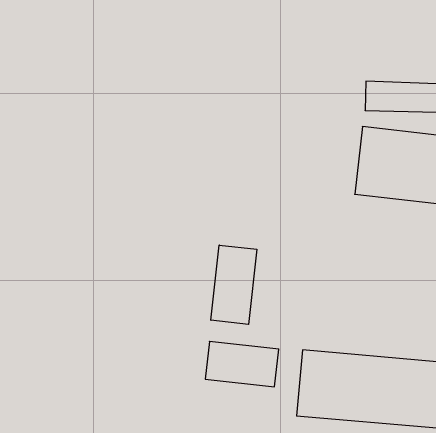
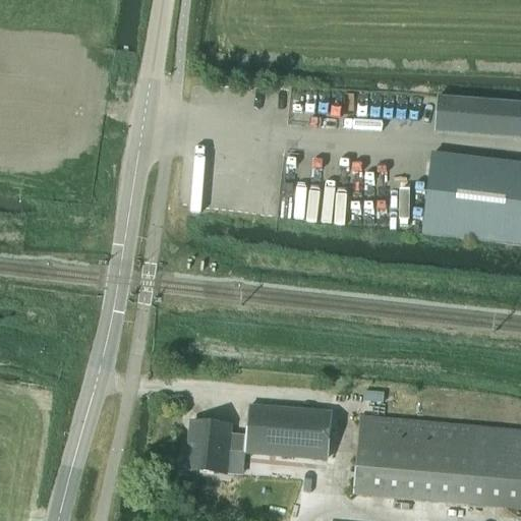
building: [211,245,257,324] -> none
building: none -> [184,420,246,473]

